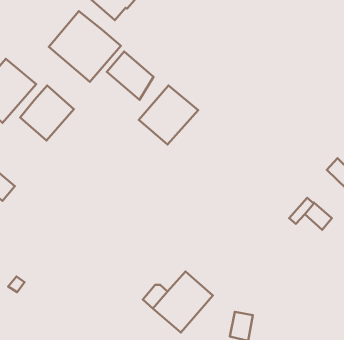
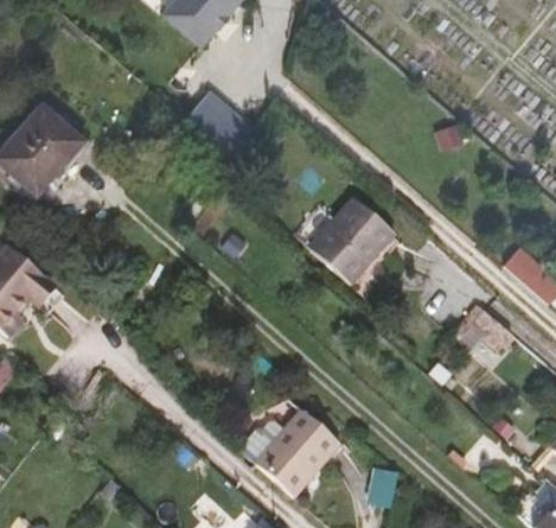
building: [49,11,121,82] -> none
building: [139,85,198,145] -> [309,199,395,285]
building: [20,85,74,140] -> none

